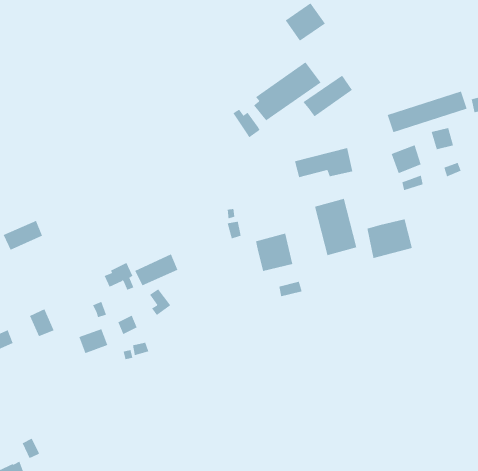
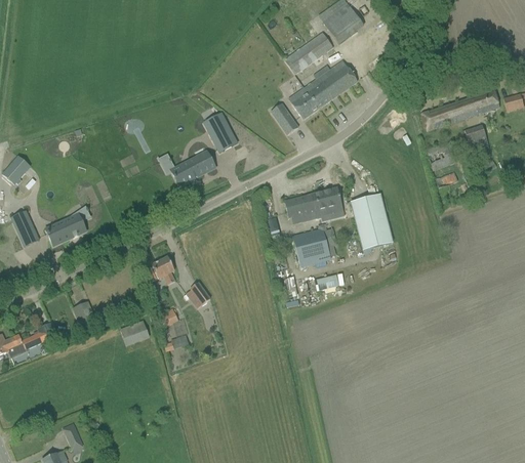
building: [302,75,353,117] -> [284,33,333,74]
building: none -> [204,113,238,152]
building: [294,147,353,178] -> [285,187,342,217]
building: none -> [170,151,215,184]
building: [367,218,413,259] -> none
building: [134,254,178,286] -> none

